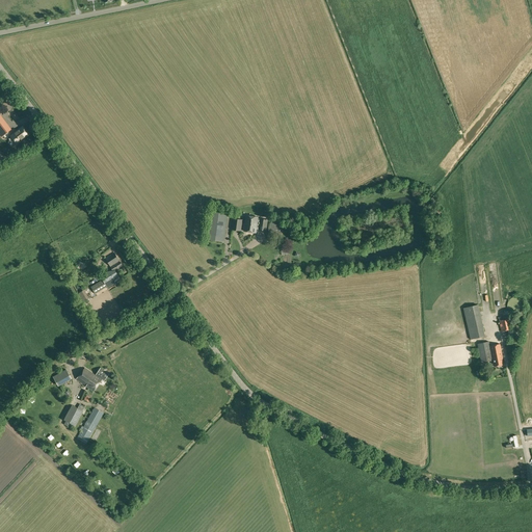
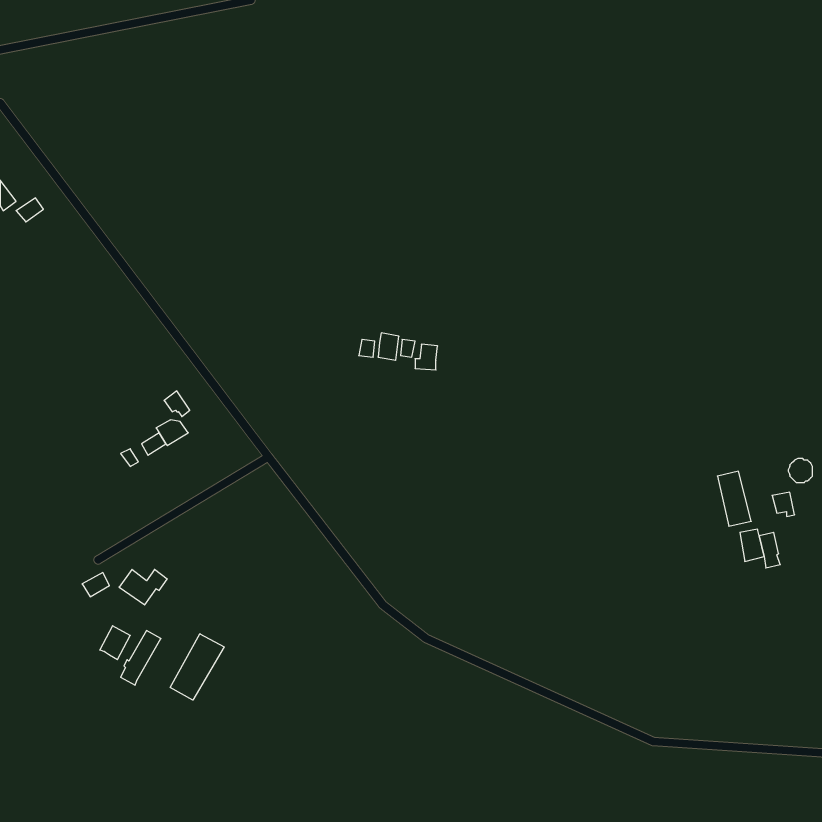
building: [207,210,228,241] -> none
building: none -> [170,634,224,700]

